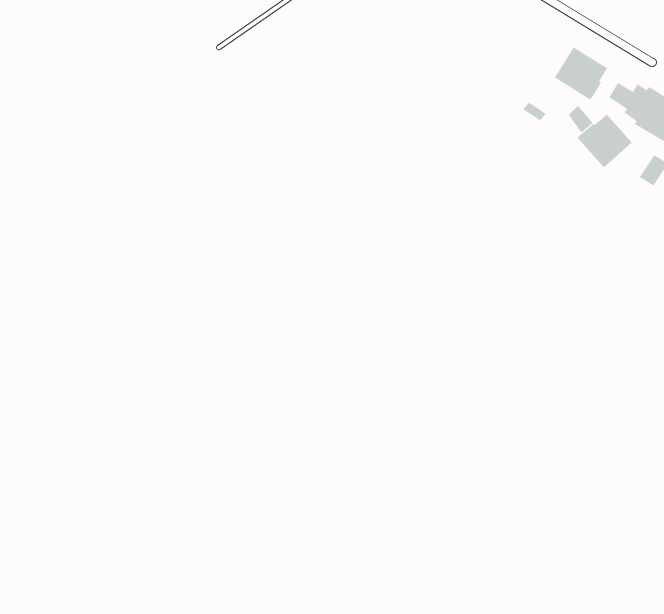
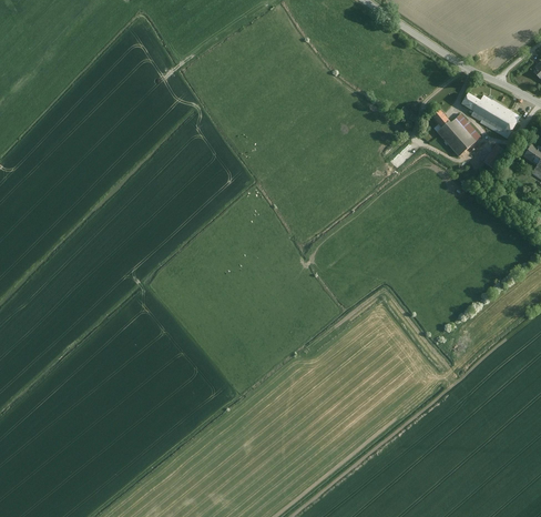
building: [554,47,608,100] -> none

